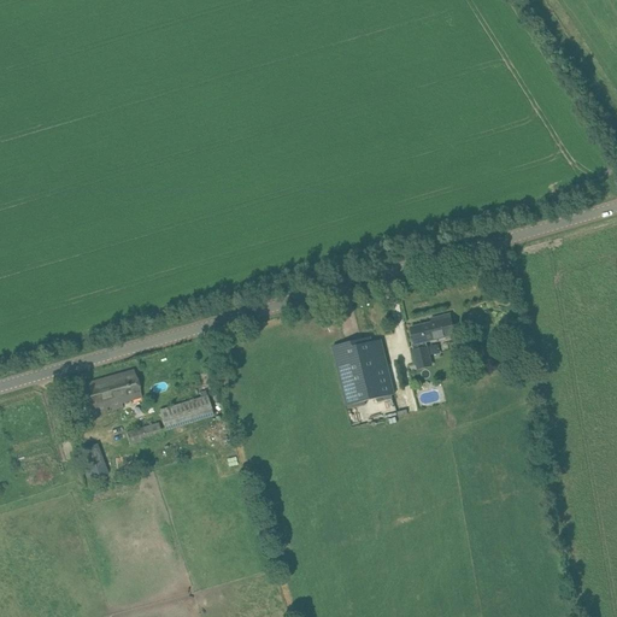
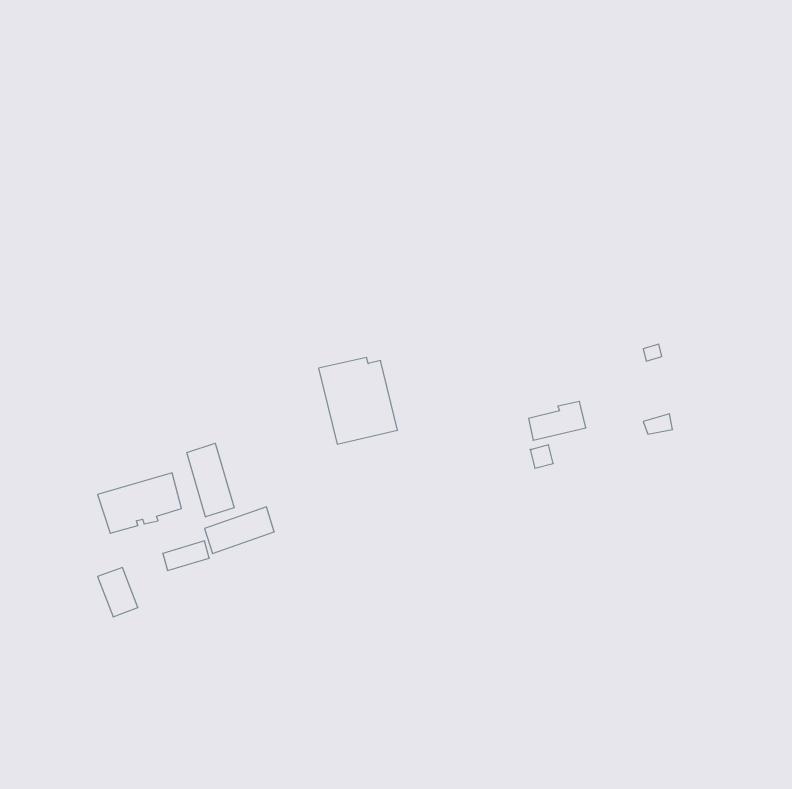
building: [333,336,394,404] -> [319,357,398,444]
building: none -> [187,443,234,517]

